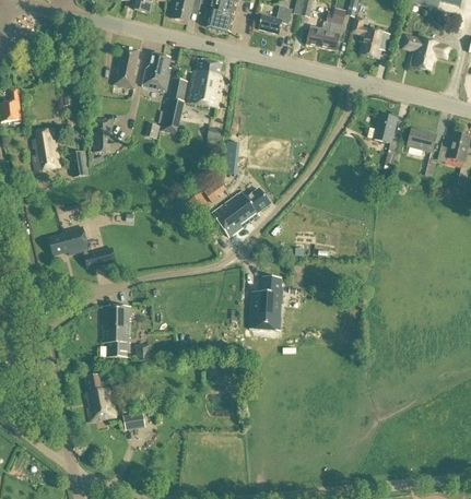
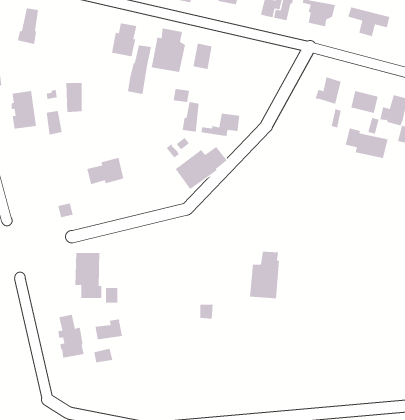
building: [115,47,139,87] -> [17,8,39,45]
building: none -> [193,43,212,70]
building: none -> [201,113,240,137]
building: none -> [345,128,388,159]
building: [48,225,90,256] -> [86,157,124,185]
building: [249,276,283,329] -> [249,251,280,299]
building: none -> [95,318,122,340]

